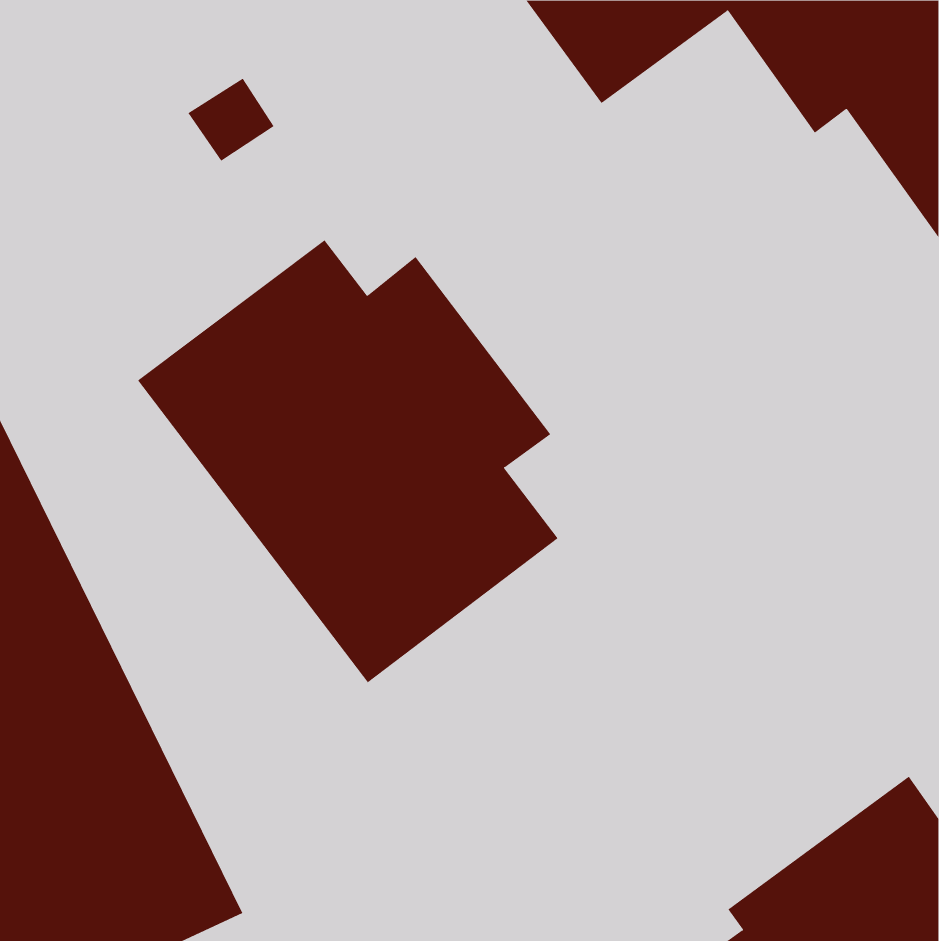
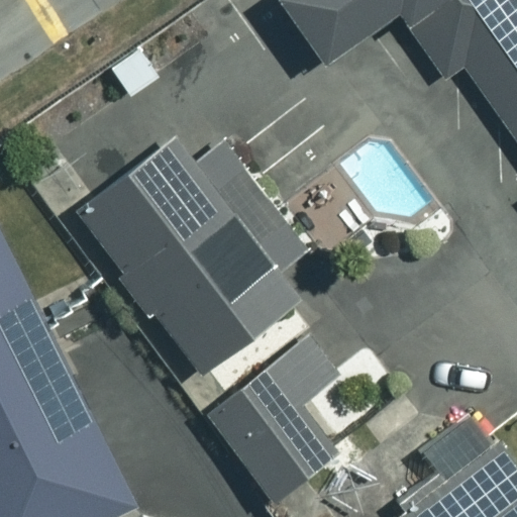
building: none -> [209,336,345,497]

